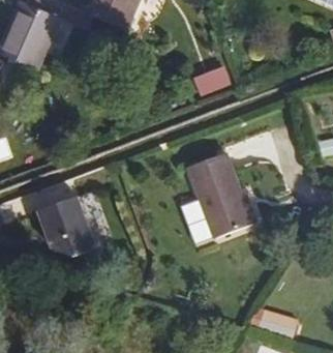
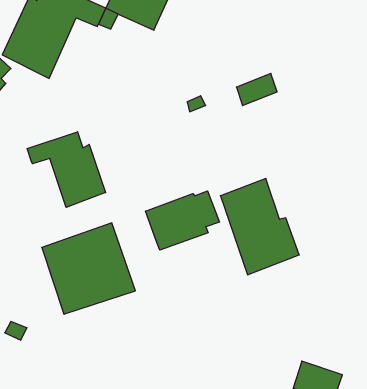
building: none -> [27,132,106,207]
building: none -> [146,191,220,250]

